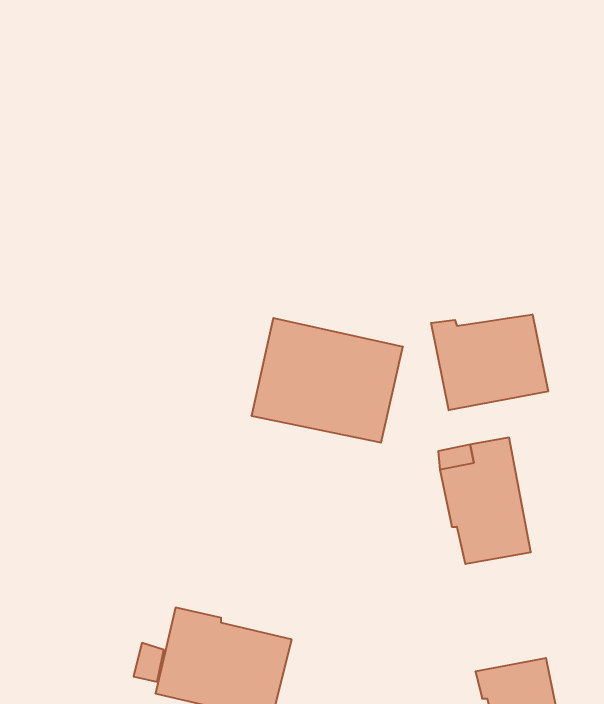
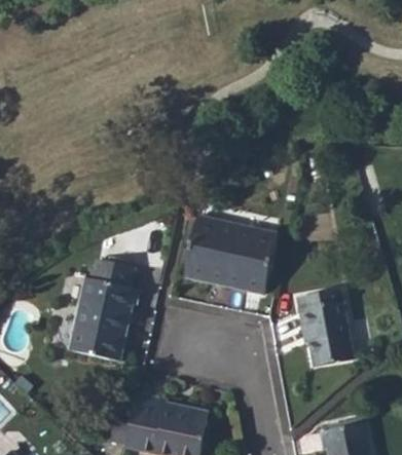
building: [431,314,548,410] -> none
building: none -> [69,258,139,362]

